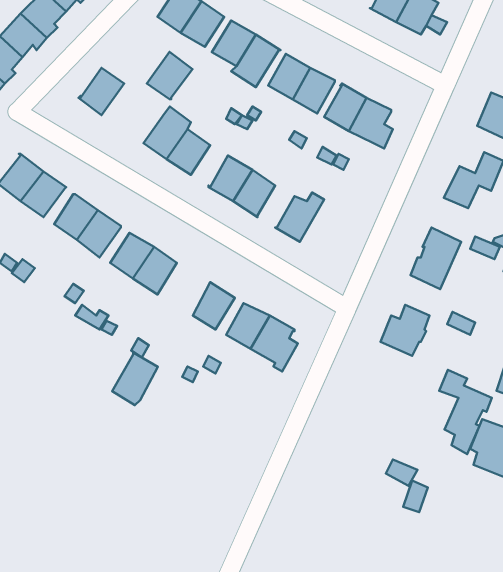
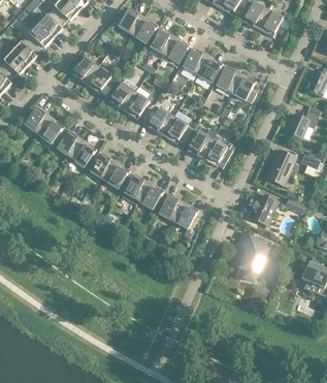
building: [147,52,192,99] -> [84,65,110,93]
building: none -> [200,135,233,168]
building: [112,353,158,405] -> [121,173,148,204]
building: [439,370,492,454] -> [235,232,266,282]

